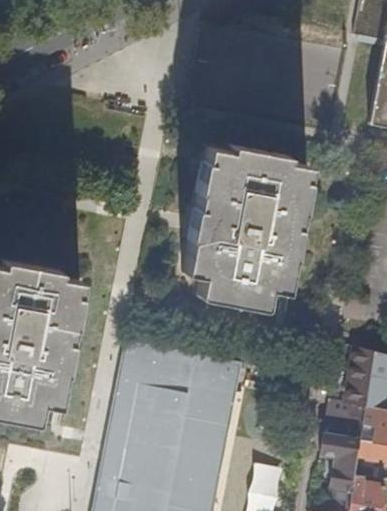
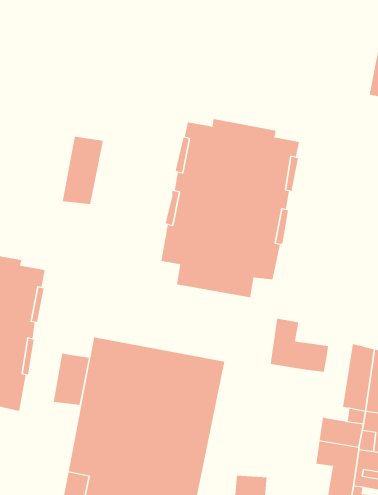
building: none -> [62,136,104,205]
building: none -> [270,318,328,372]
building: none -> [53,353,90,406]

